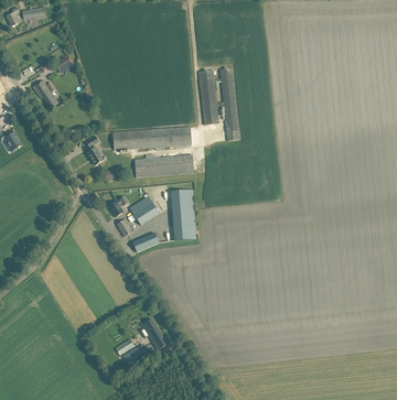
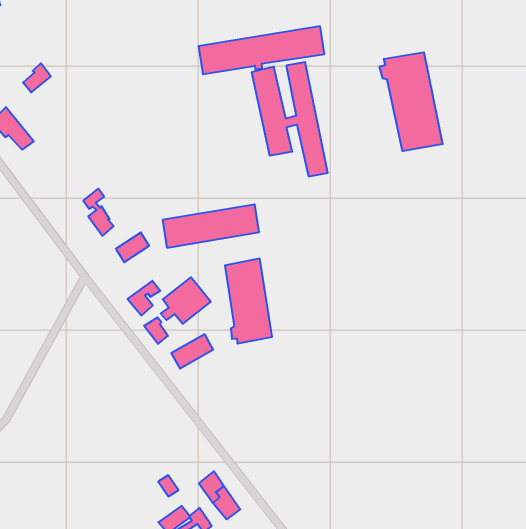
building: none -> [380,52,443,151]
building: [112,127,191,150] -> [198,26,324,74]

